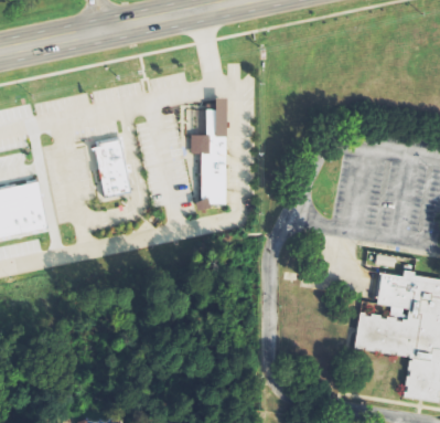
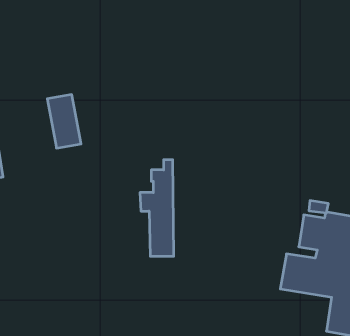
building: [191,98,227,202] -> [140,160,174,256]

